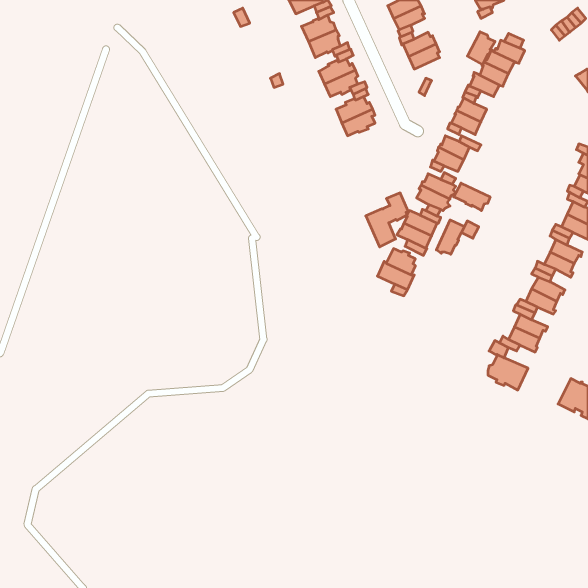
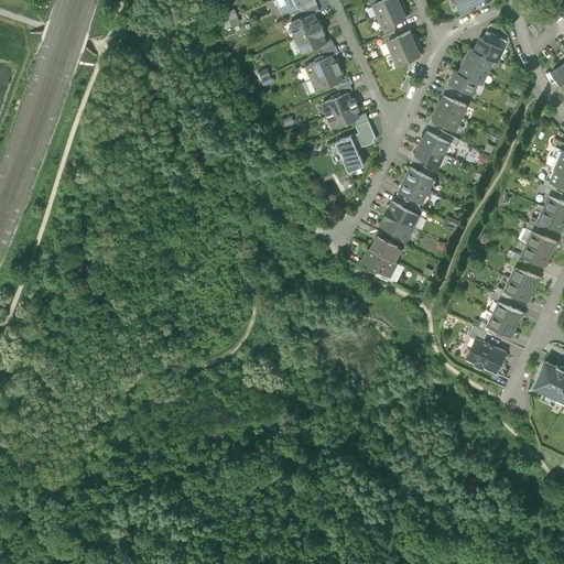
building: [467,32,495,65] -> none
building: [454,183,490,211] -> none
building: [366,193,408,247] -> [335,121,376,173]
building: [436,220,464,254] -> none

